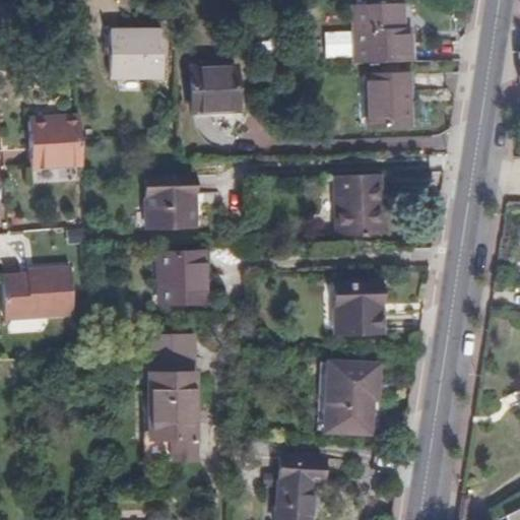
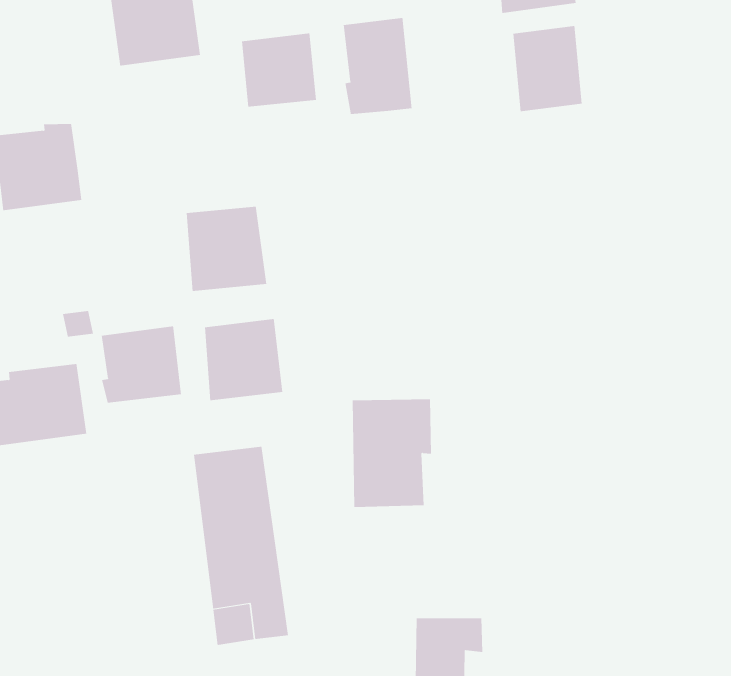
building: none -> [343,17,412,115]
building: [338,176,384,237] -> none
building: none -> [101,326,182,403]
building: [335,277,383,326] -> none
building: [325,358,380,429] -> [352,399,432,508]

